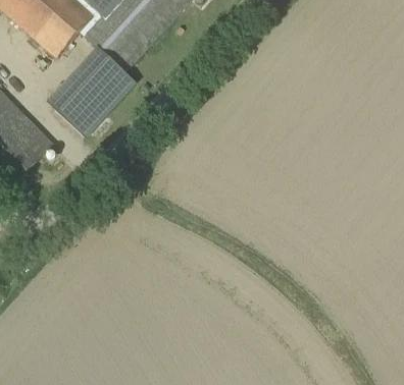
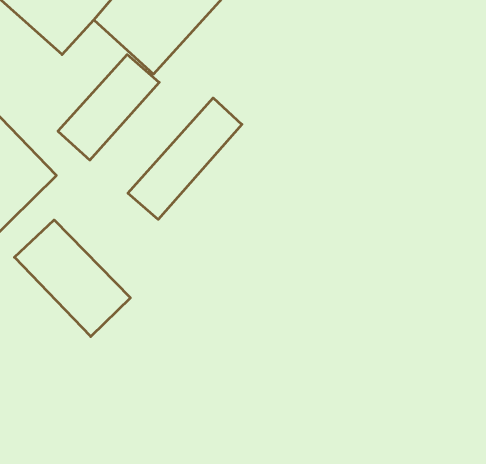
building: none -> [128,98,242,219]
building: none -> [14,220,130,337]

